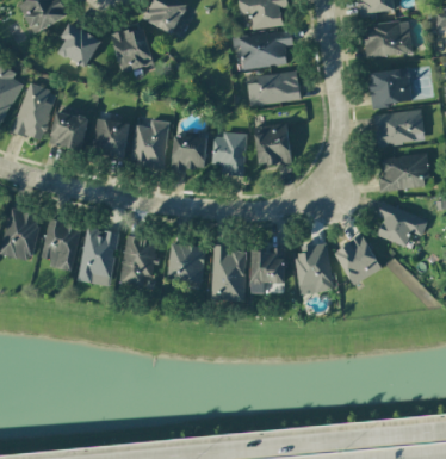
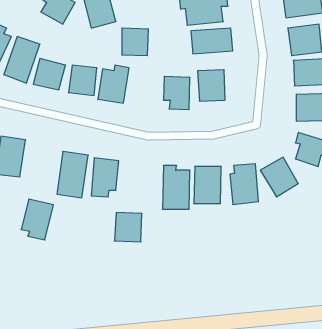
building: [173,136,206,170] -> [122,28,148,56]
building: [41,219,81,271] -> [21,199,53,240]
building: [169,244,204,281] -> [114,213,142,242]

